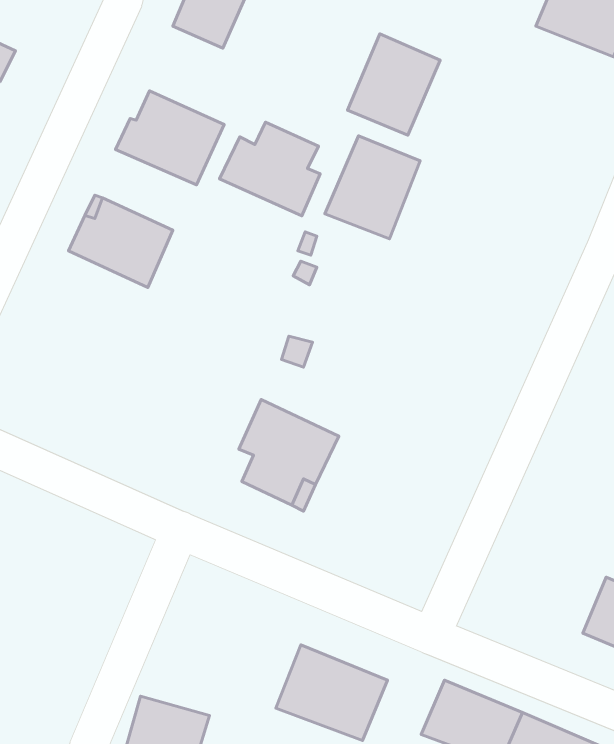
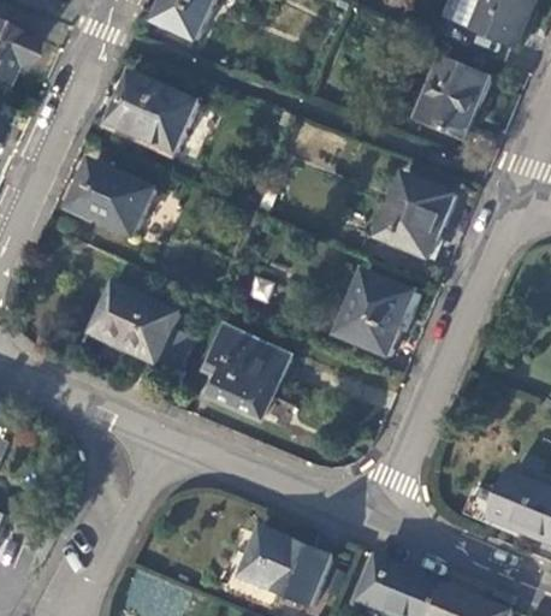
building: [348,34,440,135] -> [413,57,488,140]
building: [219,122,320,216] -> none
building: [325,136,420,239] -> [373,174,451,259]
building: none -> [333,270,413,354]
building: none -> [90,284,192,372]

